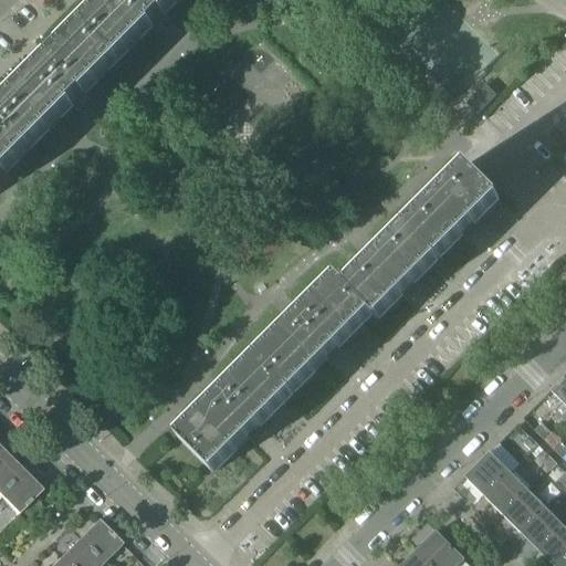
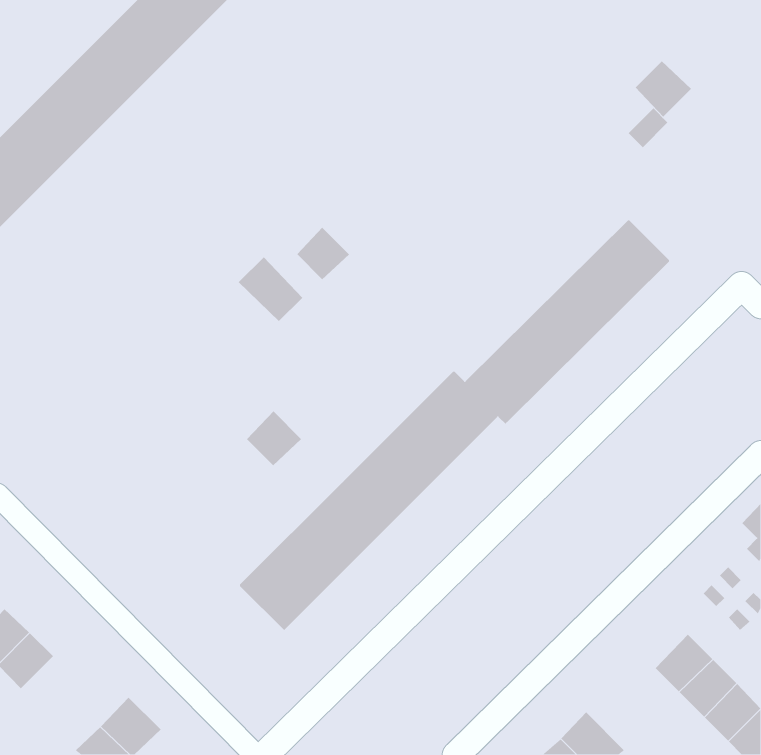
building: none -> [635,60,692,117]
building: none -> [296,227,350,280]
building: none -> [238,256,303,322]
building: none -> [246,410,302,466]
building: [462,448,509,494] -> none

